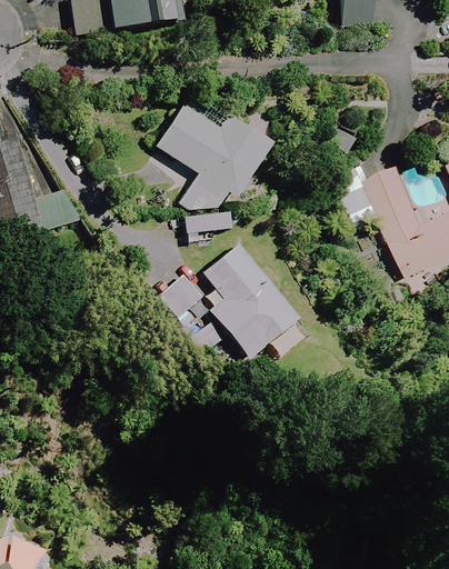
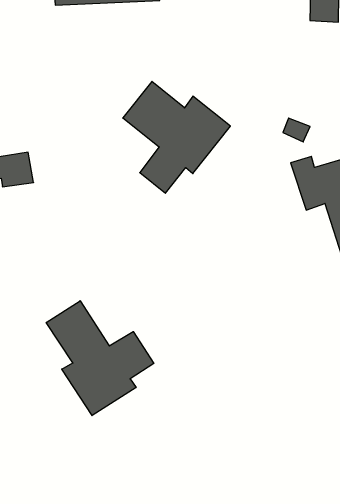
building: [204,243,298,358] -> none
building: none -> [46,301,154,416]

